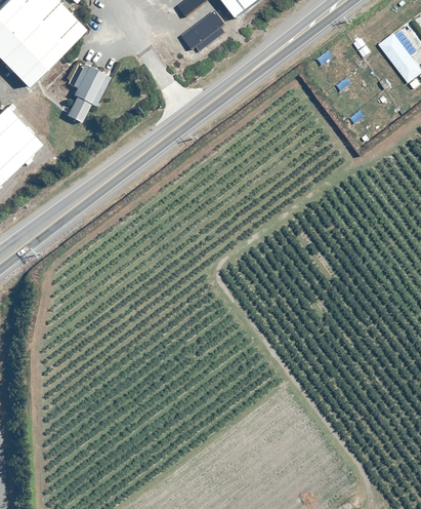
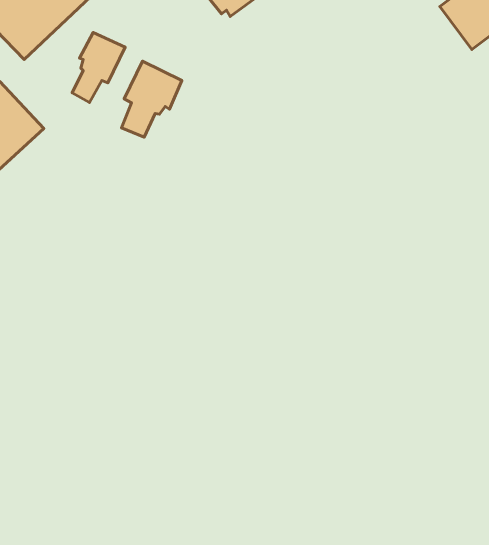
building: none -> [121,61,182,137]

